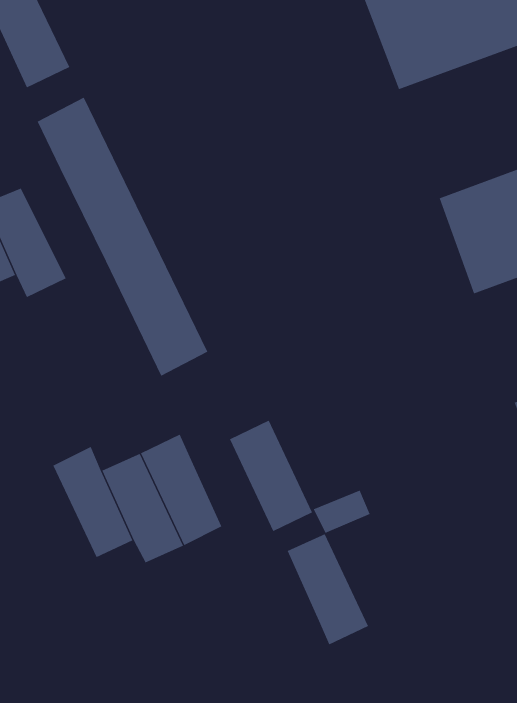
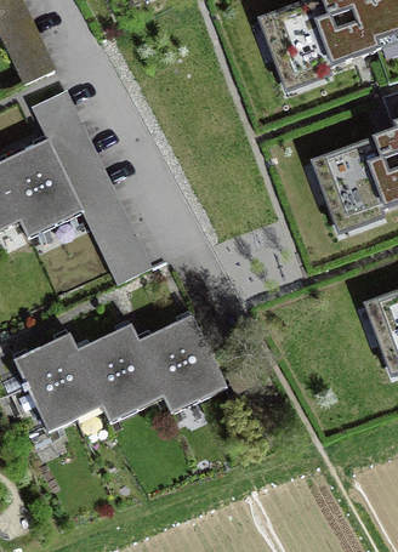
building: none -> [21,140,79,216]
building: none -> [13,346,73,423]
building: [287,534,369,645] -> [138,328,195,405]

